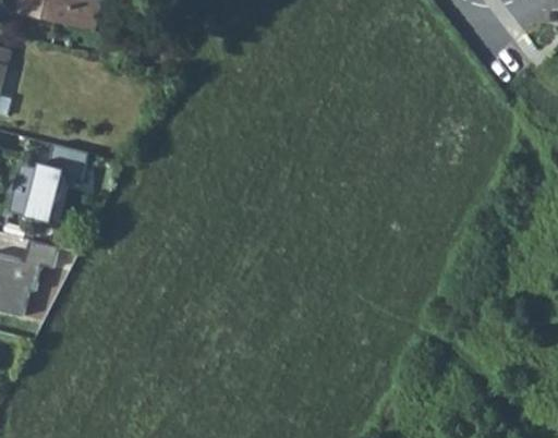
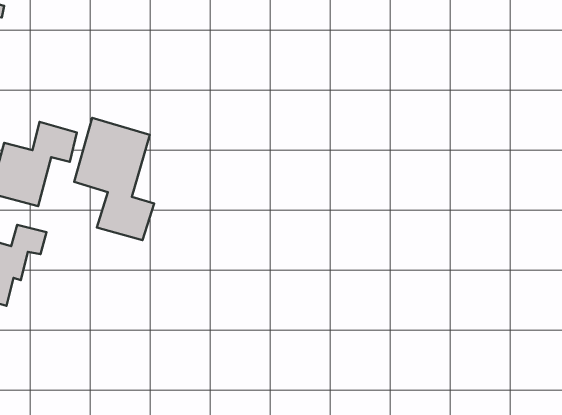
building: none -> [74,118,154,240]

